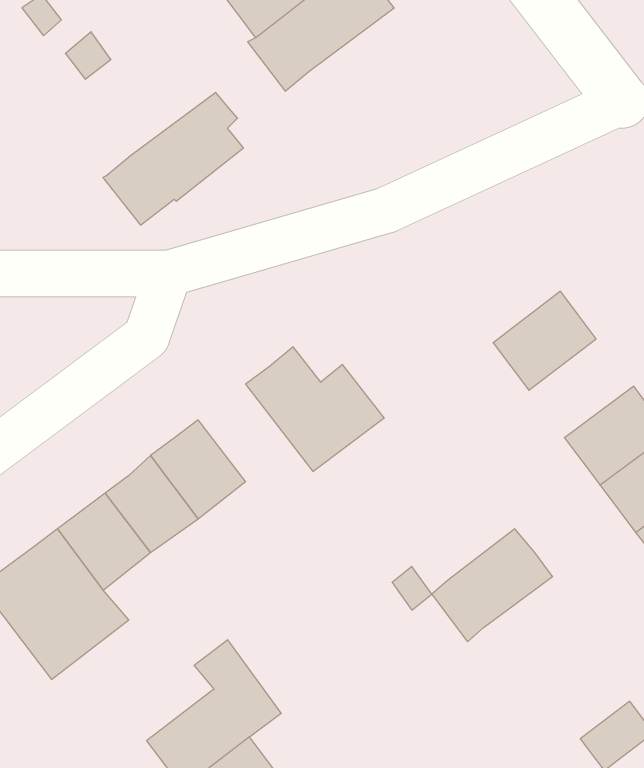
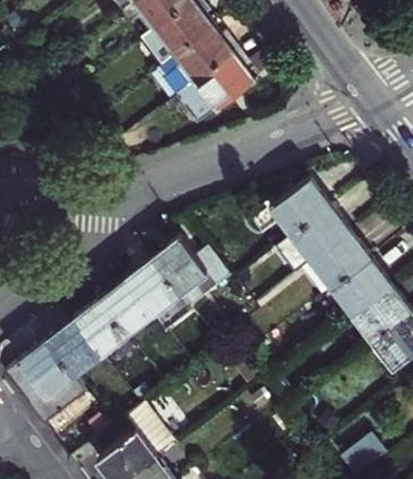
building: [103,92,243,225] -> [175,47,254,121]
building: none -> [254,179,332,235]
building: none -> [128,258,188,322]
building: [432,529,553,642] -> [305,233,373,296]

